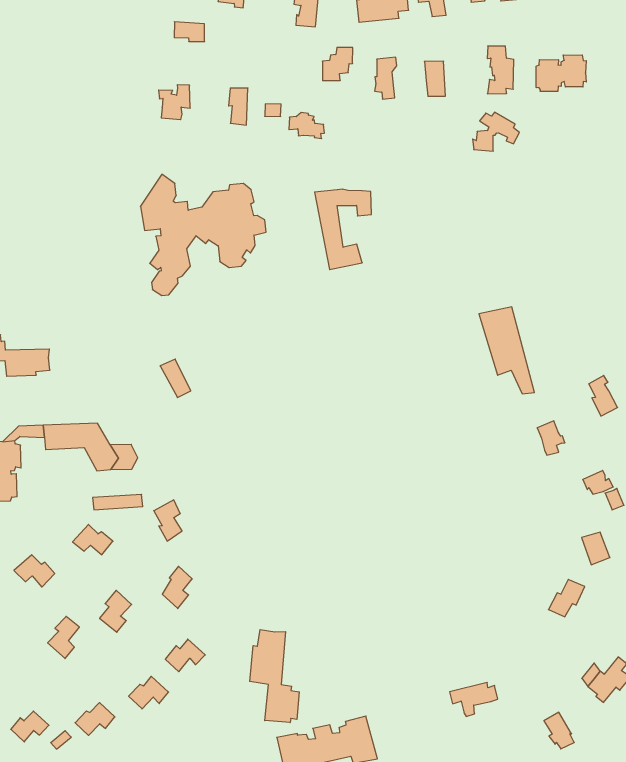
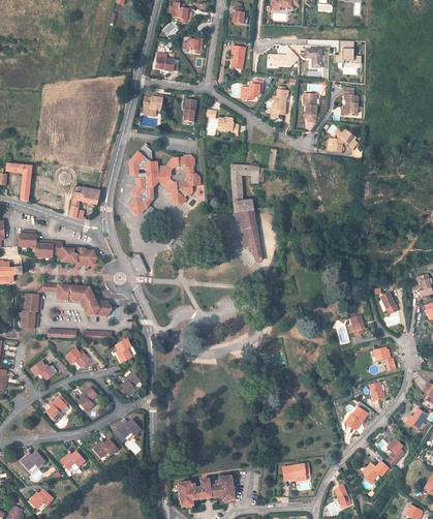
building: [536,55,586,91] -> none
building: none -> [70,187,101,218]
building: [479,307,534,394] -> [235,209,262,261]
building: none -> [64,246,95,264]
building: [250,630,299,723] -> none

